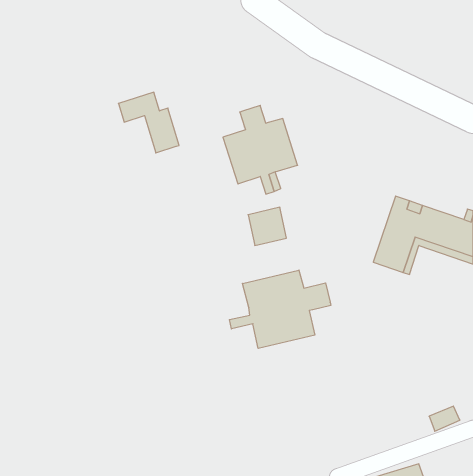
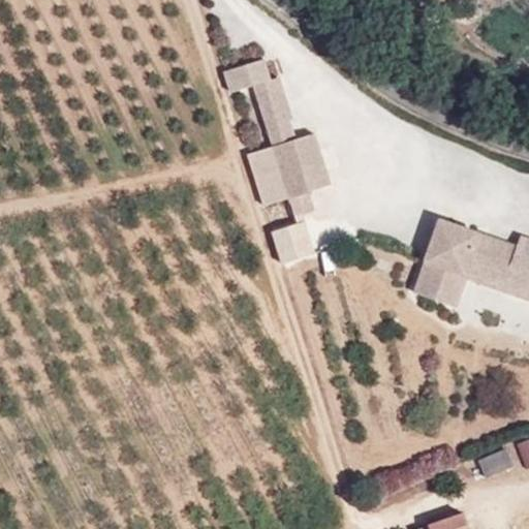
building: [118,92,179,153] -> [224,58,291,125]
building: [229,270,331,348] -> none

